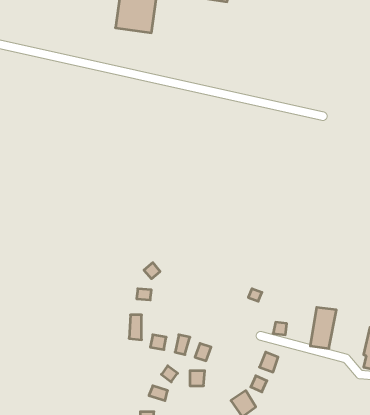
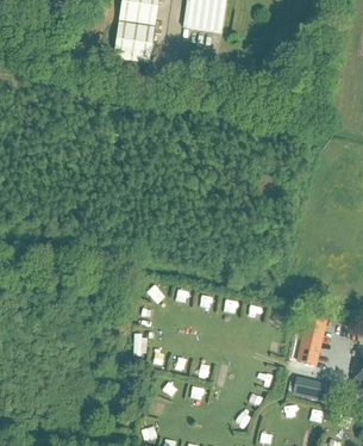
building: none -> [292,374,333,401]

